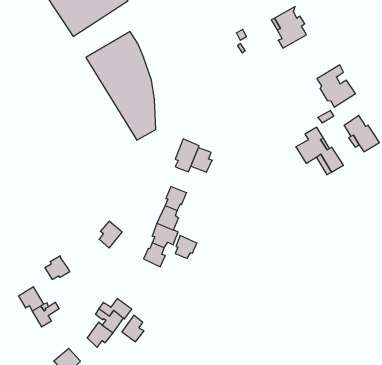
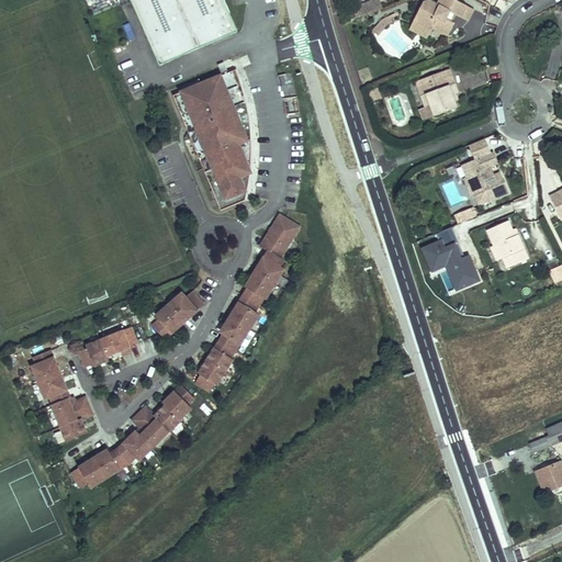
building: [191,148,212,172] -> [254,251,282,284]
building: none -> [168,292,202,322]
building: [175,235,197,258] -> [194,360,224,391]
building: none -> [99,327,135,356]
building: none -> [31,350,58,382]
building: none -> [58,406,90,441]
building: [122,315,144,342] -> [161,385,190,419]
building: none -> [91,449,127,477]

